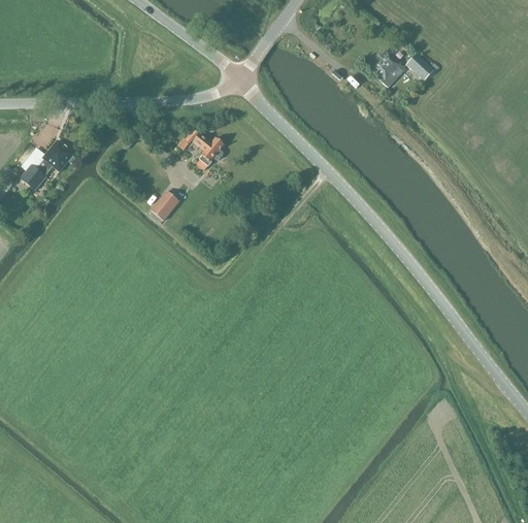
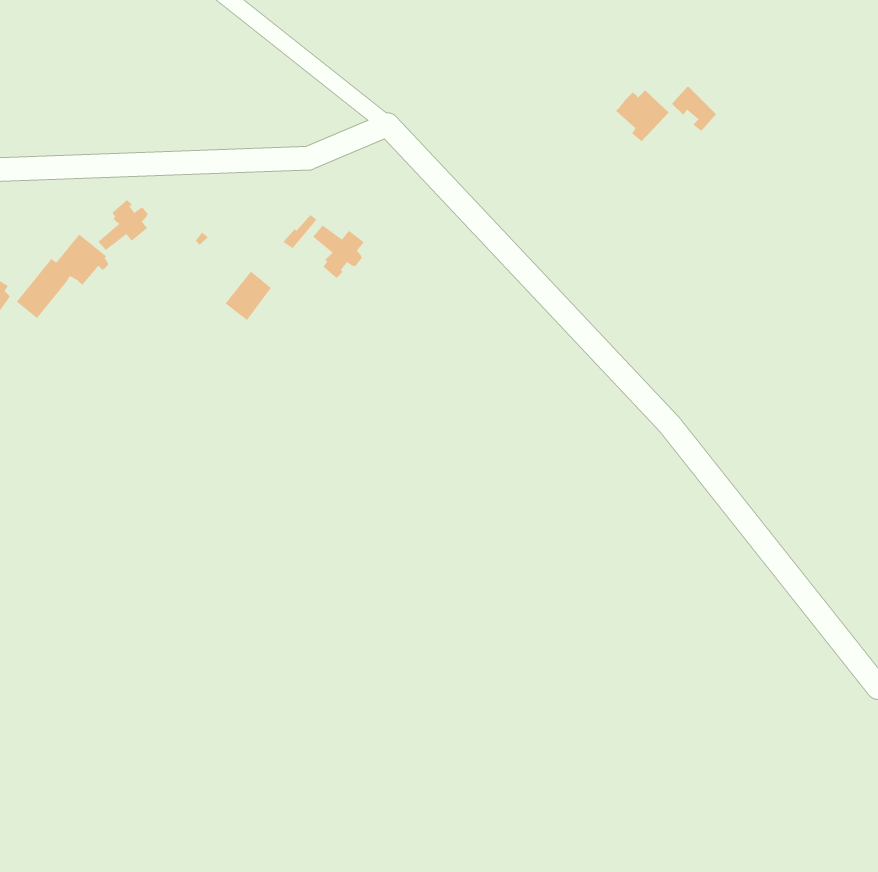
building: none -> [97,199,149,251]
building: [153,192,180,222] -> [224,270,272,321]

